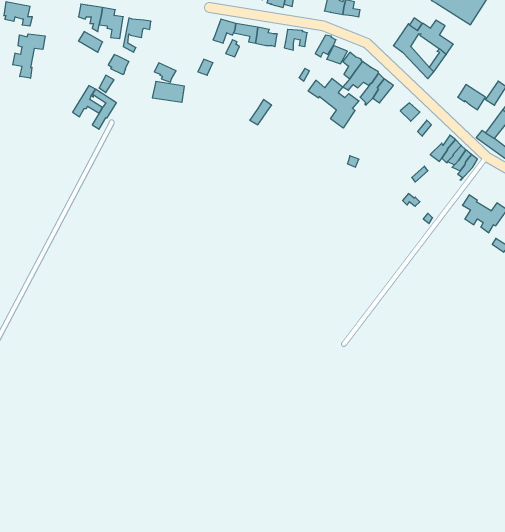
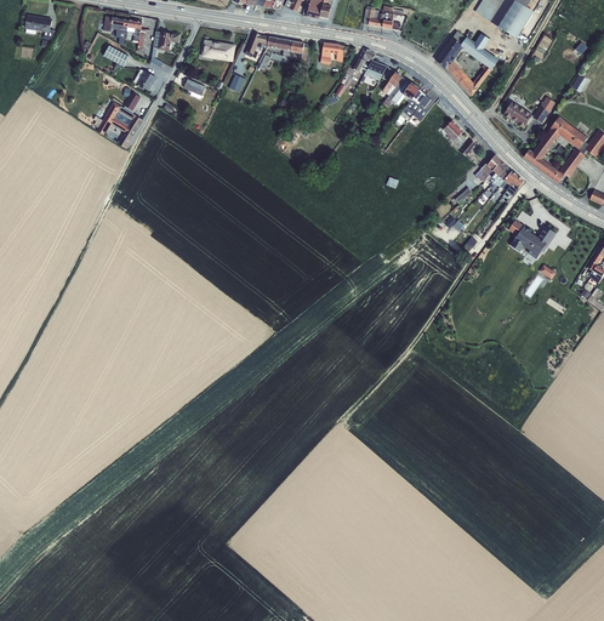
building: [13,34,45,78] -> none
building: [308,78,359,128] -> none
building: [152,82,184,102] -> [201,39,235,61]

